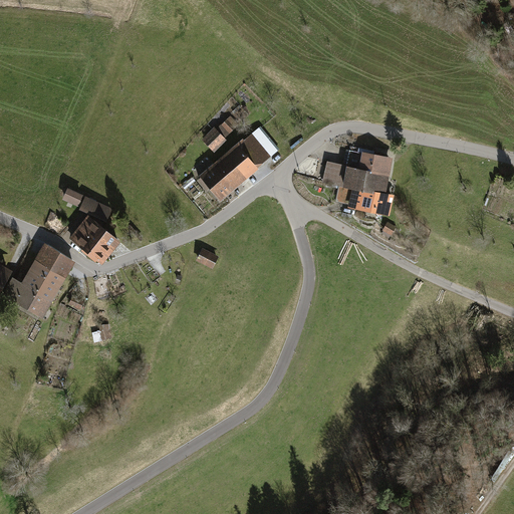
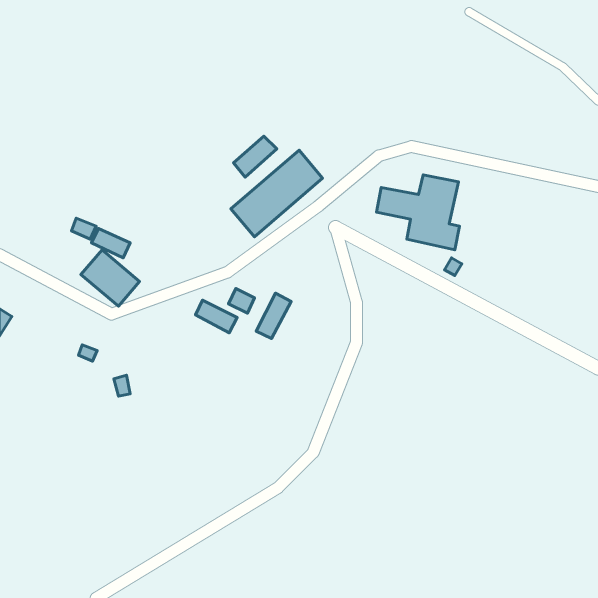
building: [10,242,73,317] -> none
building: none -> [256,293,291,338]
building: none -> [196,300,237,333]

